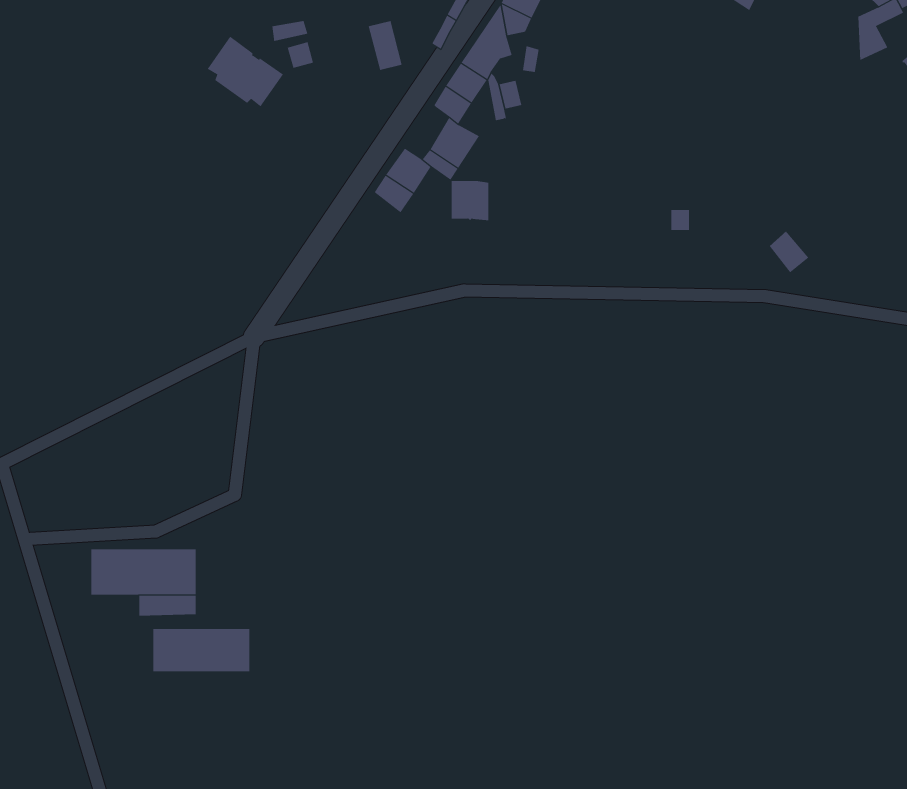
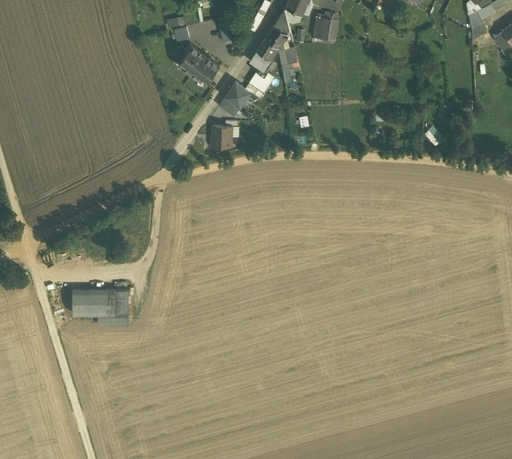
building: none -> [312,17,336,40]
building: [207,36,284,107] -> [179,45,219,82]
building: [451,180,489,221] -> [211,126,231,147]
building: [153,628,250,672] -> none

